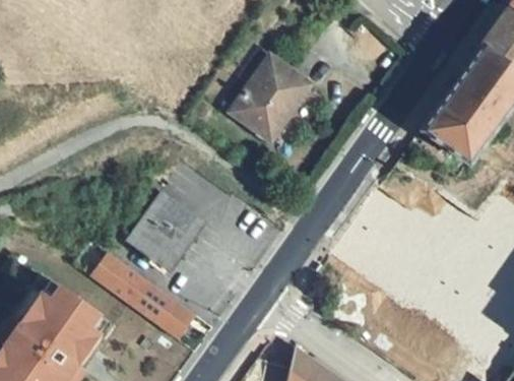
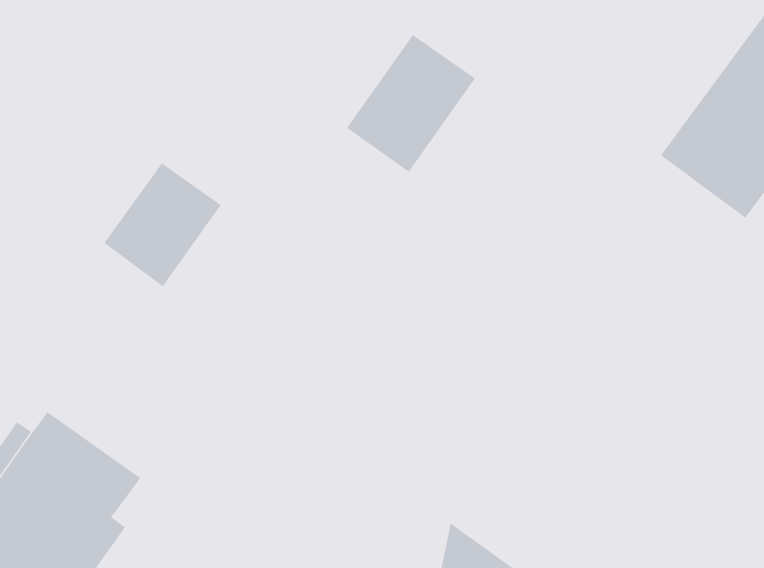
building: [128,192,198,266] -> [104,163,221,287]
building: [87,254,197,338] -> none

